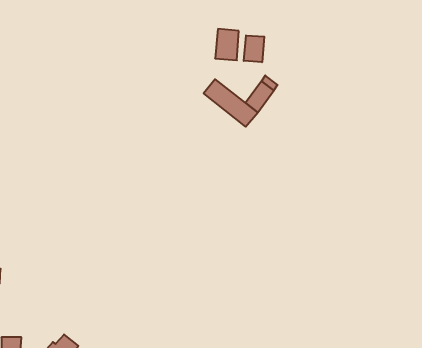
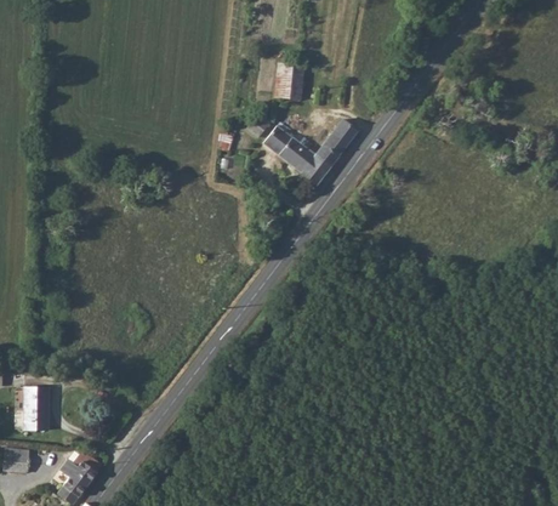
building: [244,35,264,62] -> none
building: none -> [23,386,49,427]

